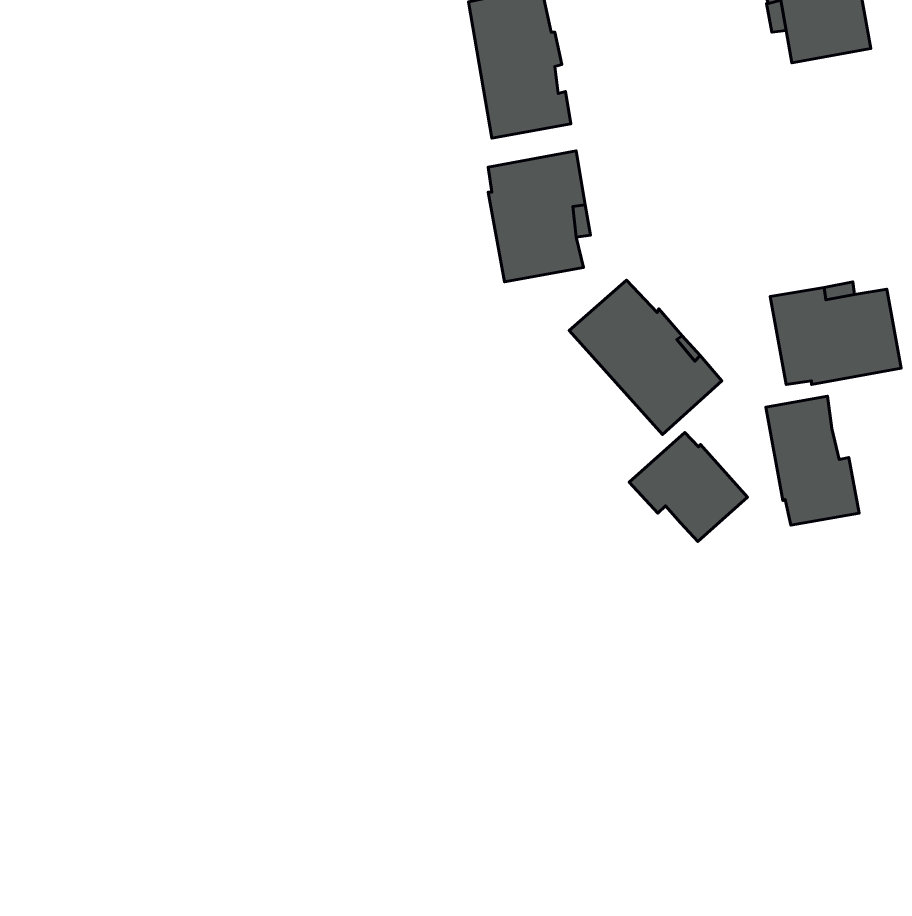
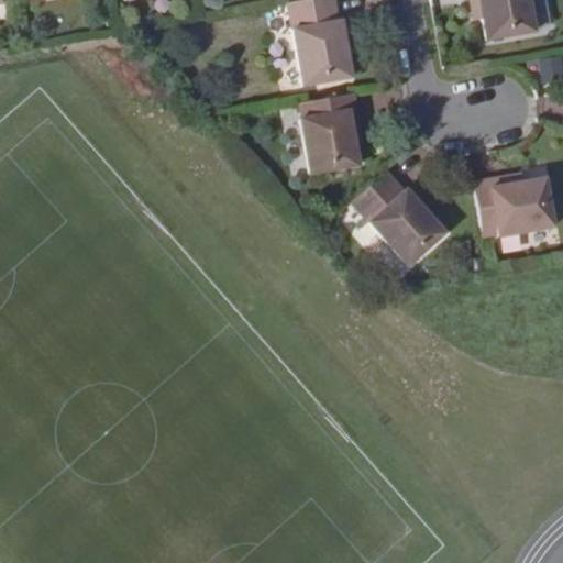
building: [766,396,859,525] -> none
building: [629,433,748,542] -> none

